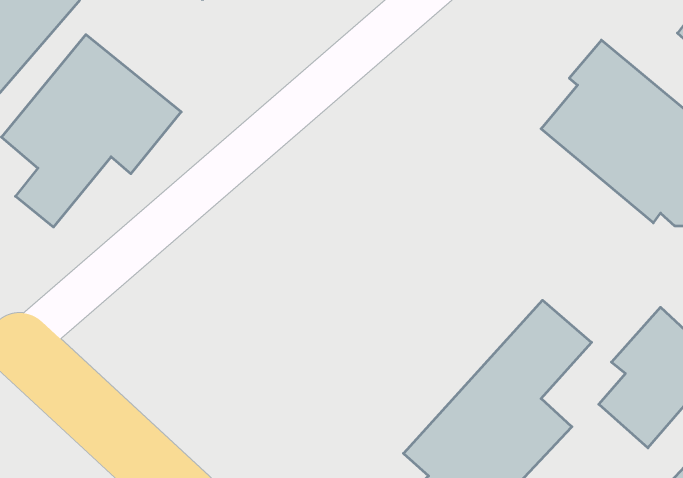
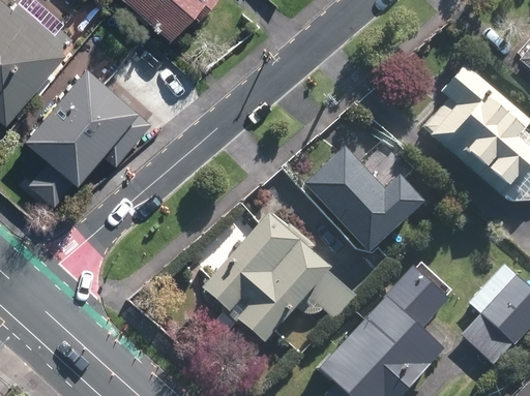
building: none -> [301,143,422,258]
building: none -> [194,213,359,351]

